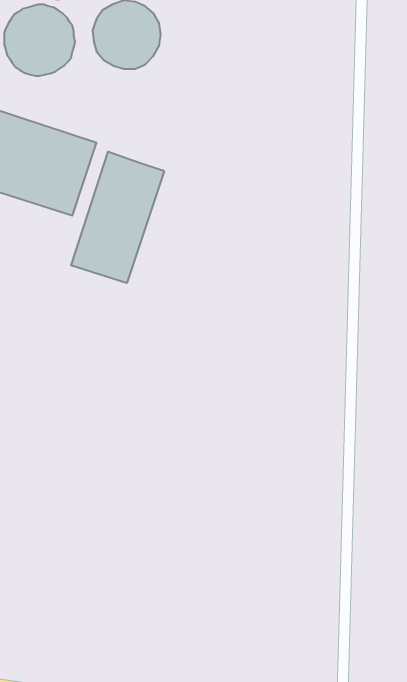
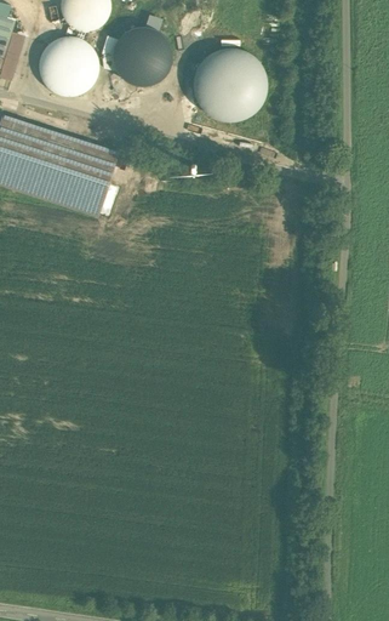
building: none -> [194,52,264,124]
building: [71,152,164,283] -> none

